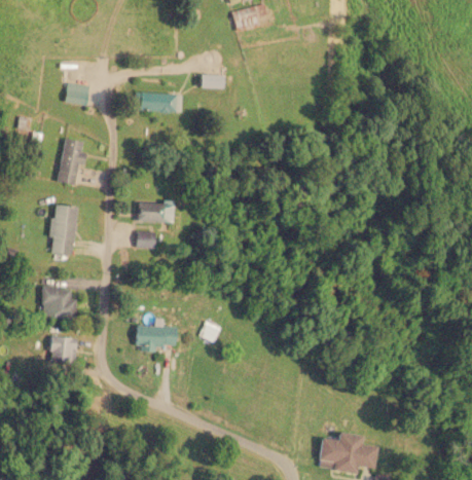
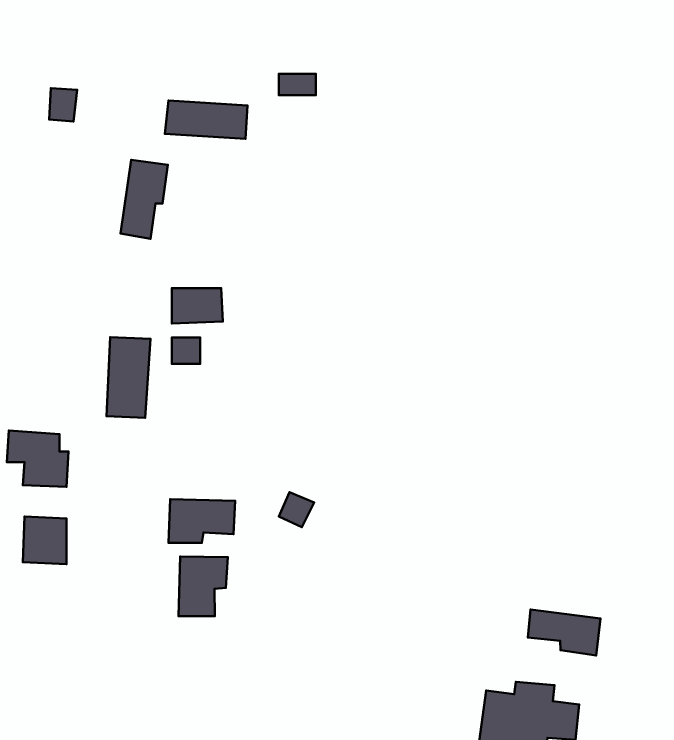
building: [59,139,86,185] -> [121,160,168,239]
building: [52,206,78,253] -> [107,337,150,418]
building: none -> [178,556,228,616]
building: none -> [528,609,601,656]

